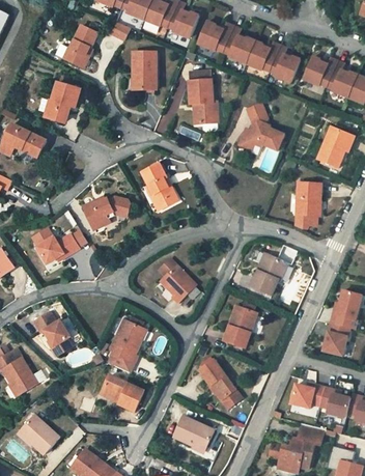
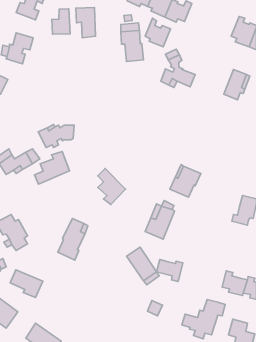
building: [271,46,303,82] -> [145,18,170,47]
building: none -> [52,9,70,34]
building: [305,54,340,88] -> none
building: [143,166,177,209] -> none
building: [296,187,318,231] -> none
building: none -> [35,151,70,184]
building: [324,324,349,355] -> none
building: [107,374,148,410] -> [10,270,43,298]
building: [290,381,324,409] -> [157,259,183,282]
building: [171,414,212,449] -> none

